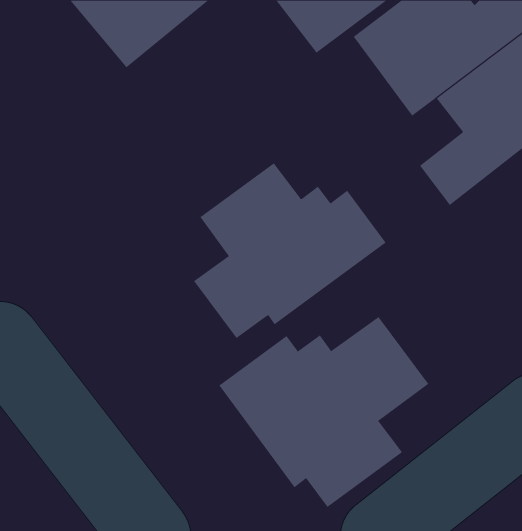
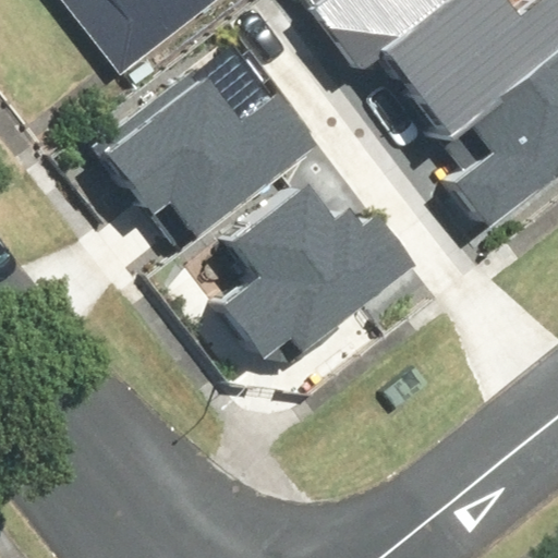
building: none -> [105,76,315,241]
building: [218,316,429,508] -> none

